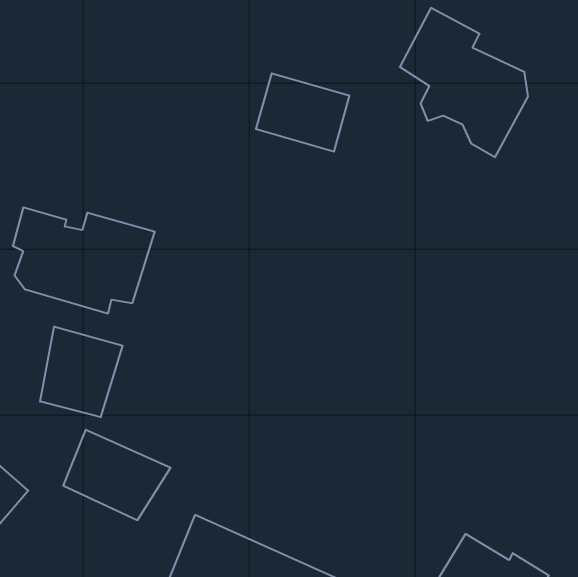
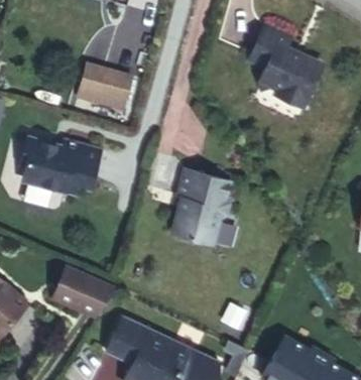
building: [256,73,350,152] -> [69,69,123,114]
building: none -> [175,165,237,244]
building: [40,326,123,417] -> none

